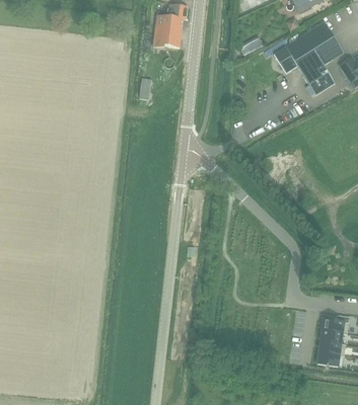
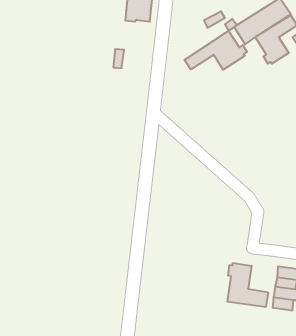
building: none -> [185,31,247,70]
building: none -> [227,263,268,307]

